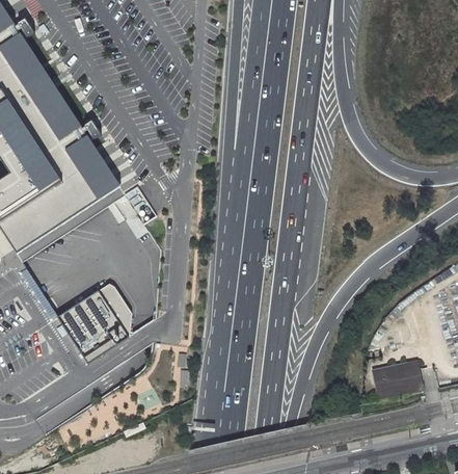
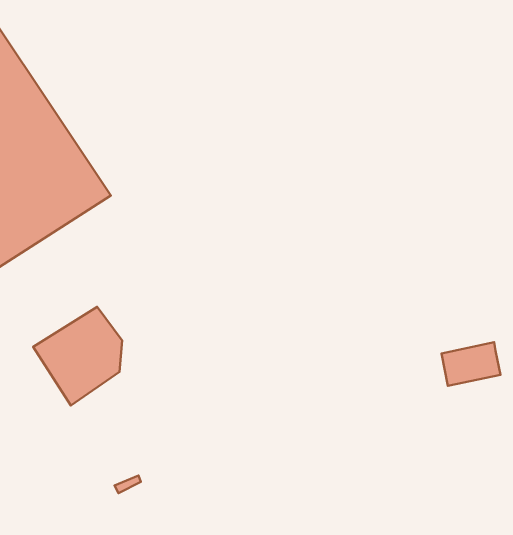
building: [375,360,424,396] -> [442,342,500,386]

